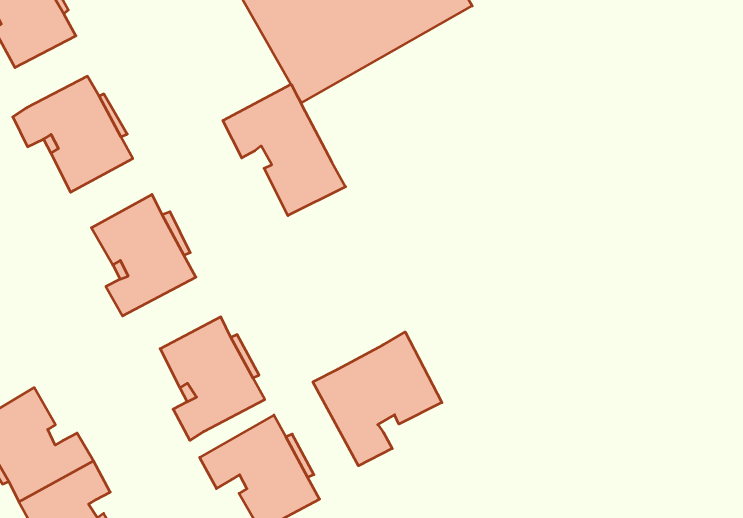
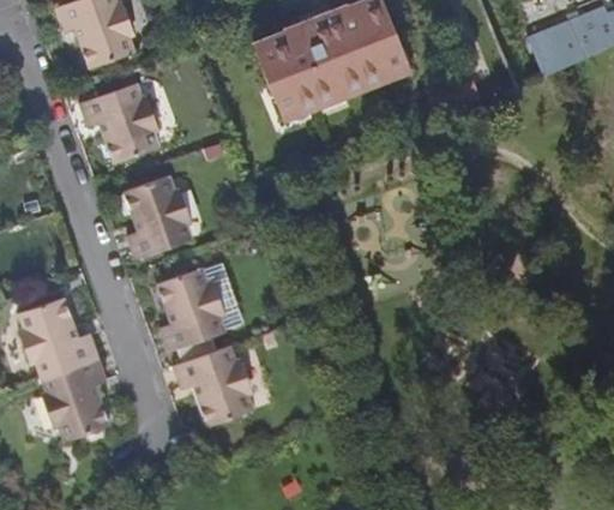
building: [223,84,346,216] -> none
building: [313,332,442,466] -> none

